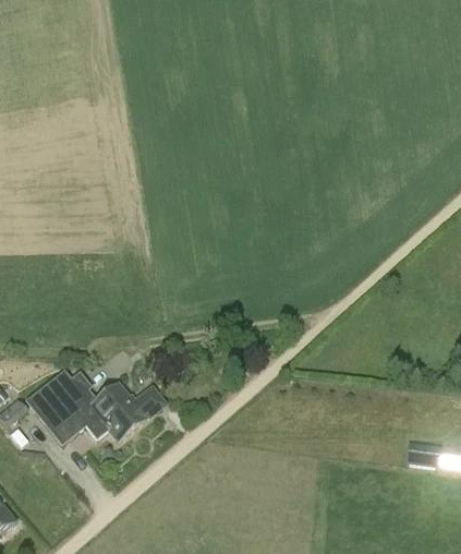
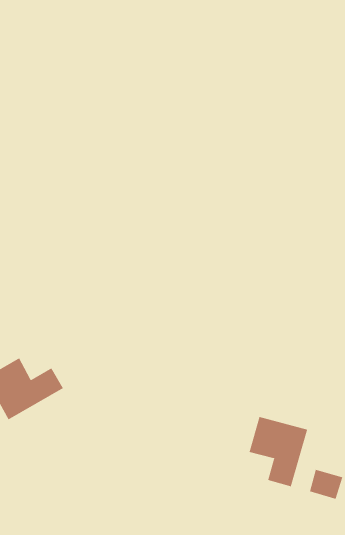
building: none -> [249,416,308,487]

